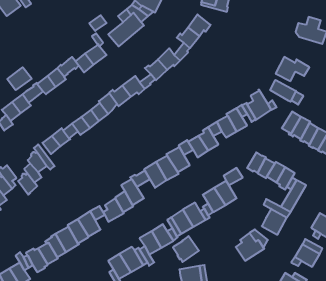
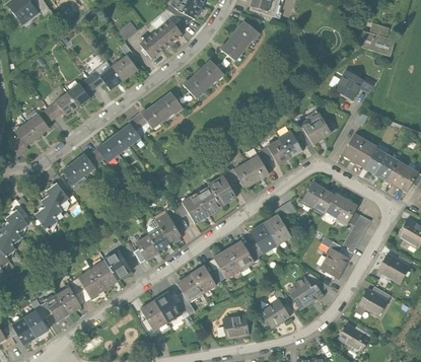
building: [7,67,32,90] -> none
building: [270,80,296,102] -> none
building: [173,236,199,262] -> [260,297,290,328]

